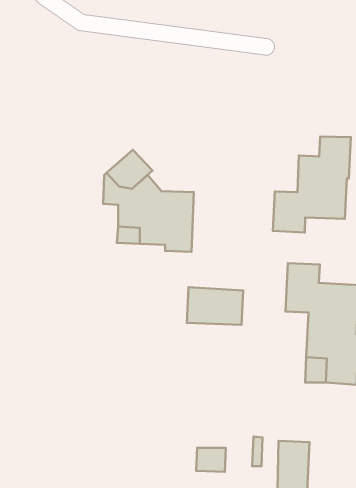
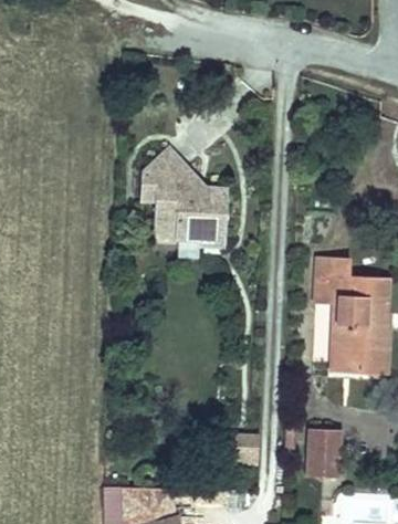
building: [273,137,351,233] -> none
building: [187,287,243,325] -> none

